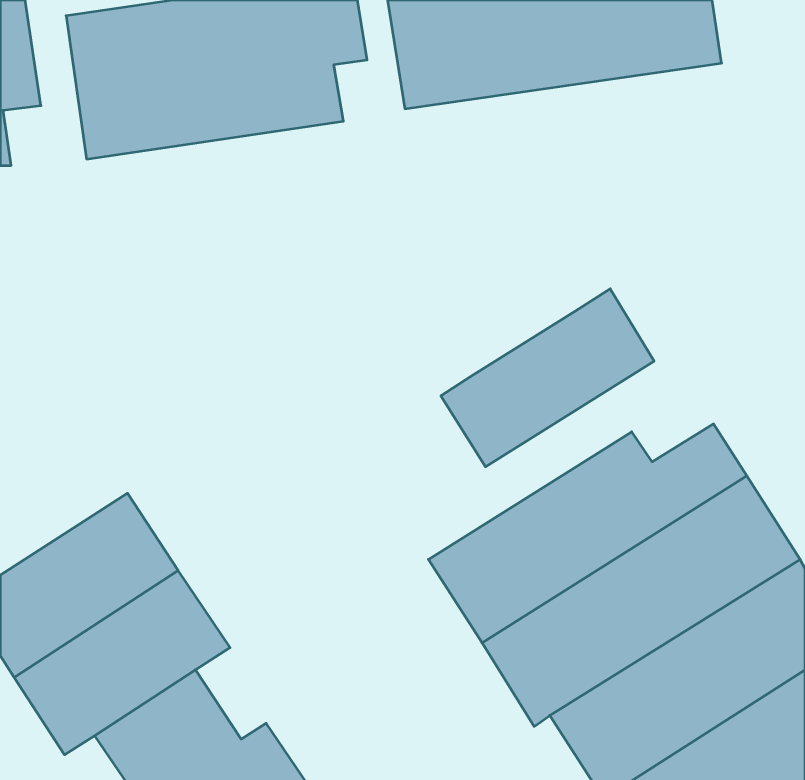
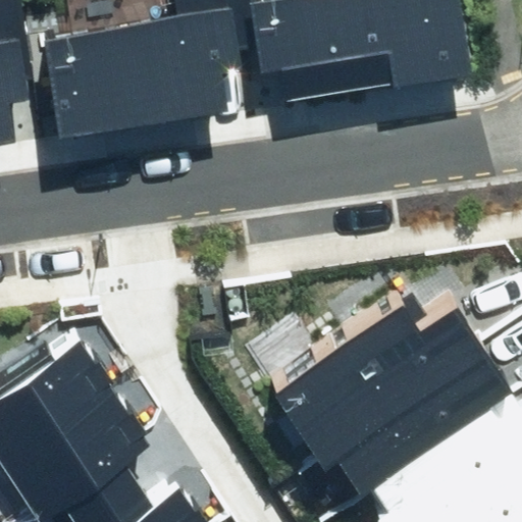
building: [441,289,654,467] -> none

